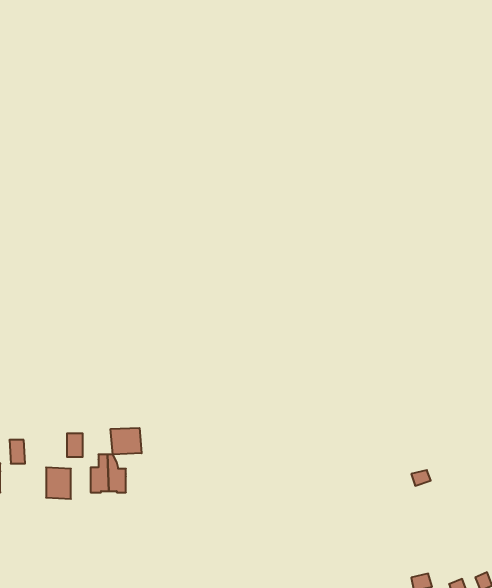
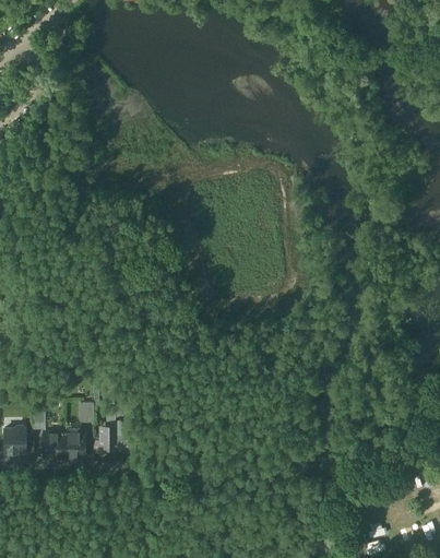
building: [111,428,142,454] -> none
building: none -> [43,431,62,456]

